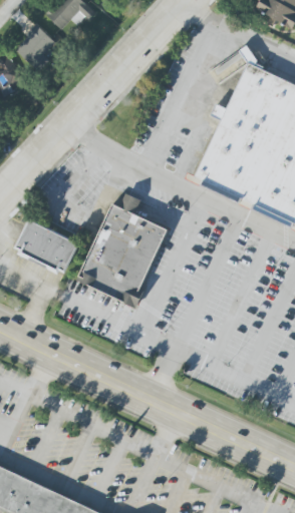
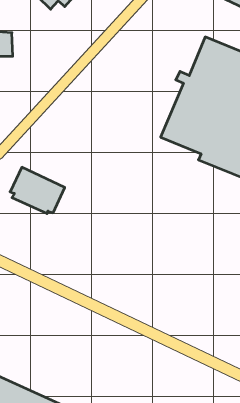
building: [14,25,57,67] -> none
building: [76,203,168,308] -> none

